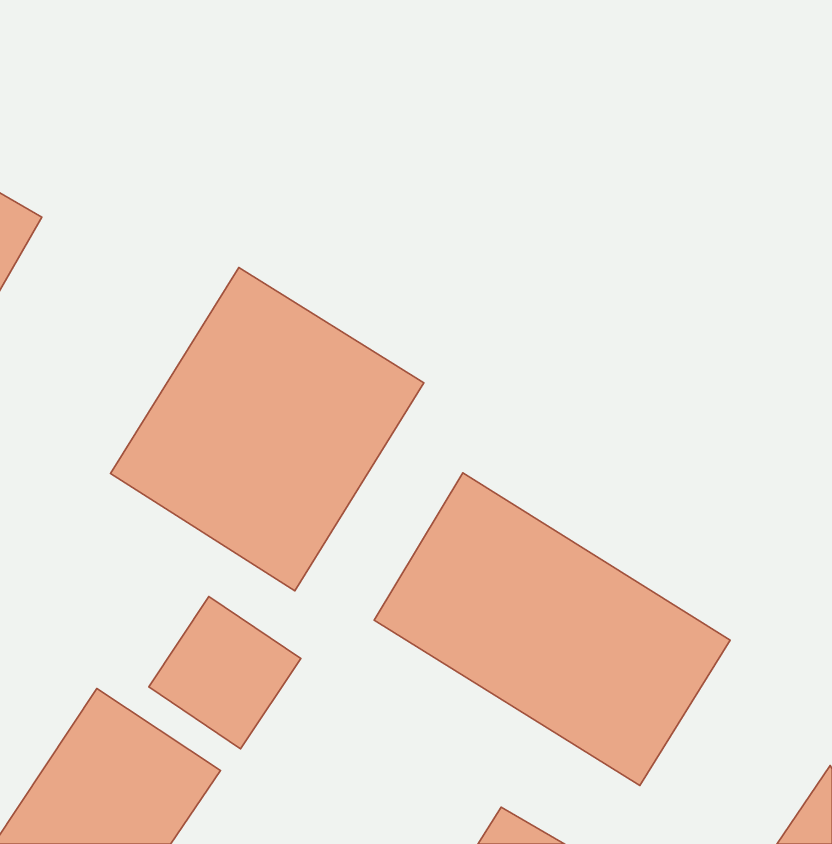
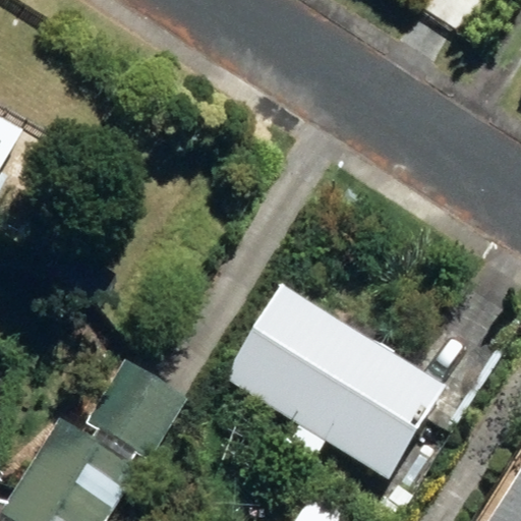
building: [110,267,424,591] -> none

